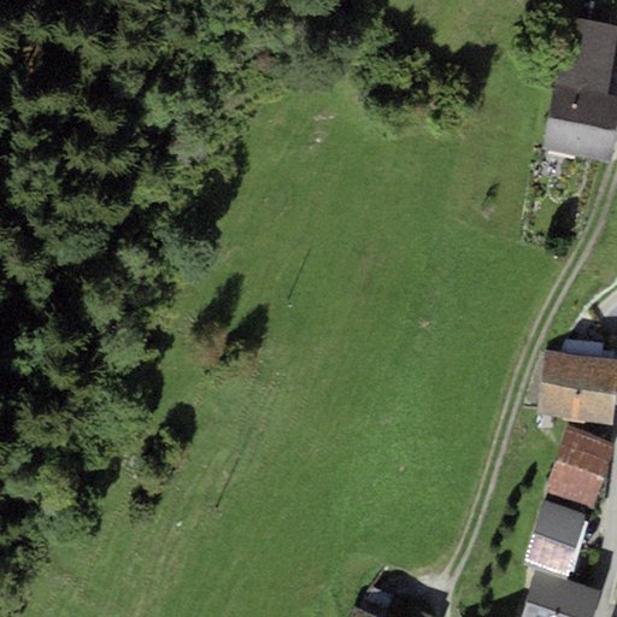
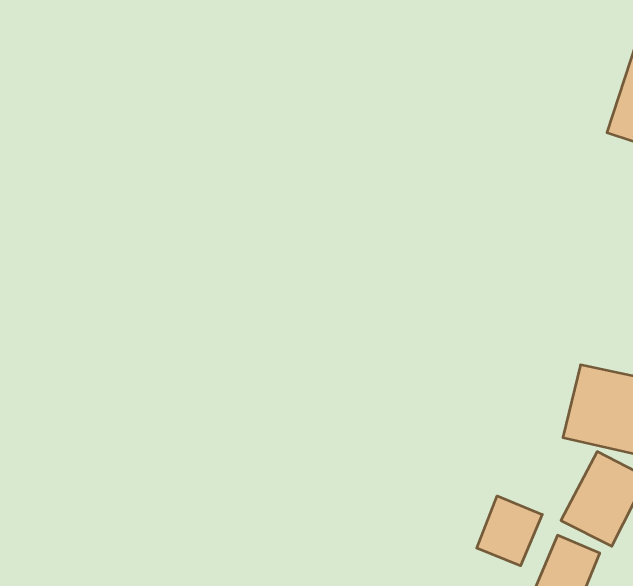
building: none -> [477,496,542,566]

